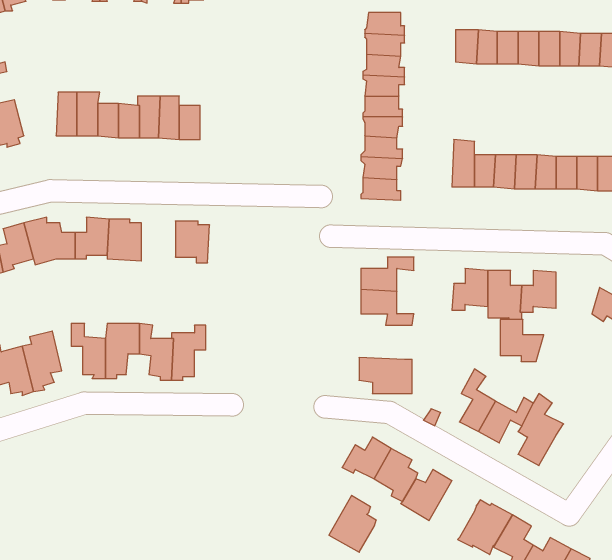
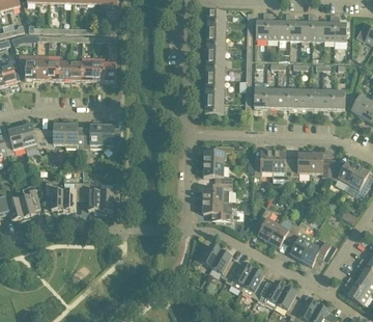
building: none -> [18,53,37,78]
building: none -> [83,124,102,146]
building: [500,320,544,361] -> [310,153,334,176]
building: none -> [202,182,231,200]
building: none -> [300,239,336,265]
building: [329,495,376,552] -> [240,267,266,298]

